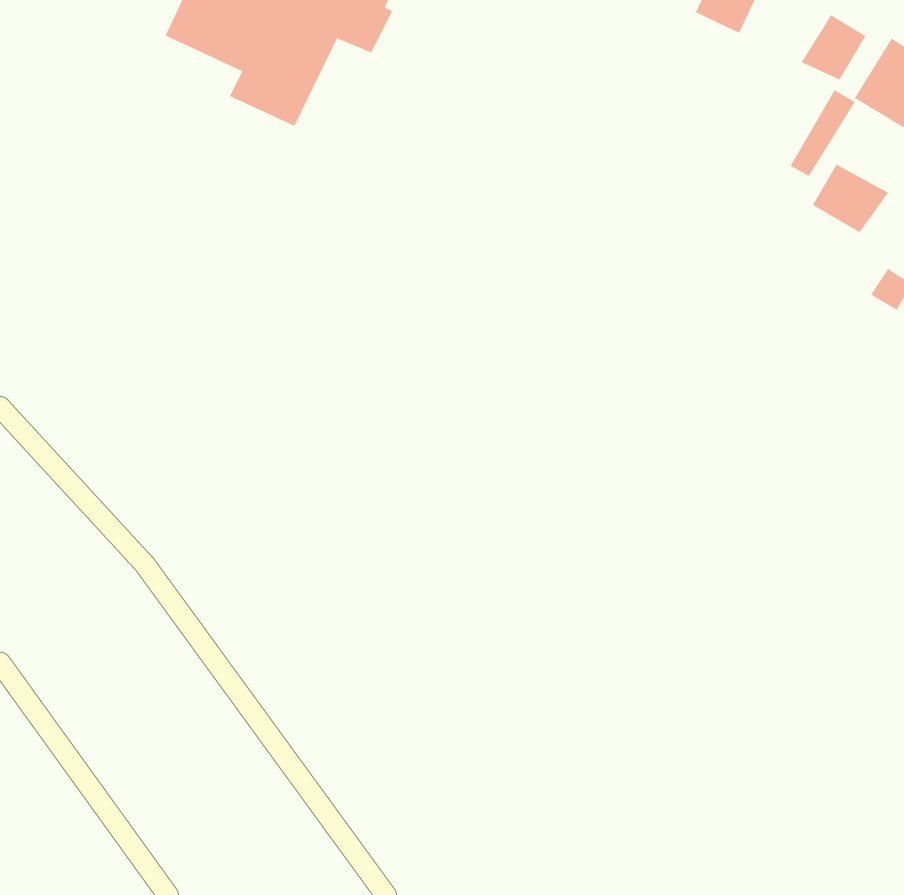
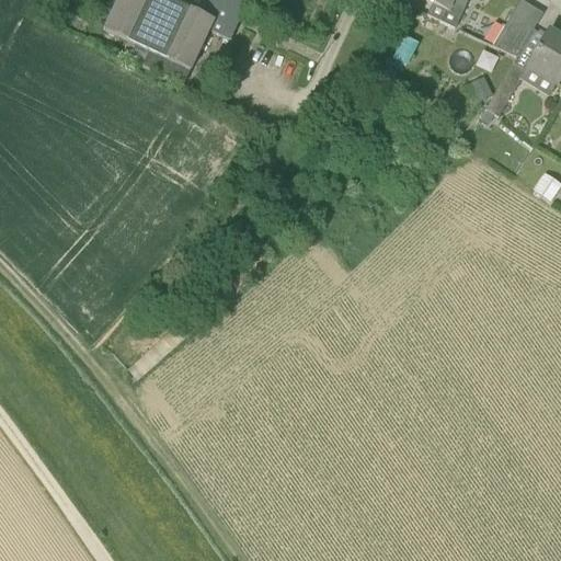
building: [812,163,889,233] -> none

